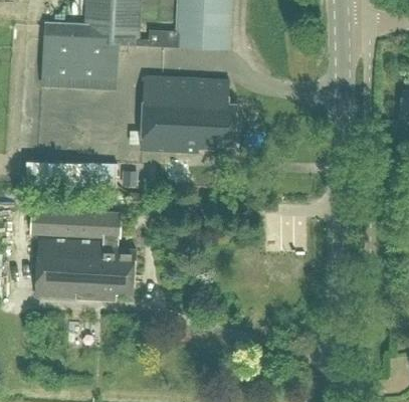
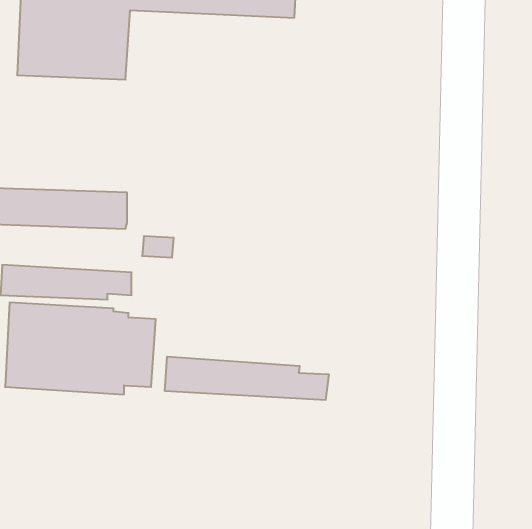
building: [142,75,235,153] -> none
building: none -> [165,357,329,400]

